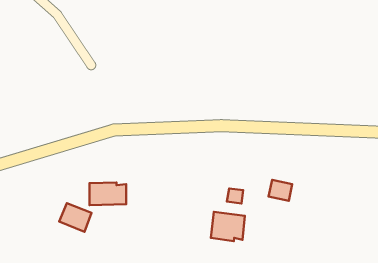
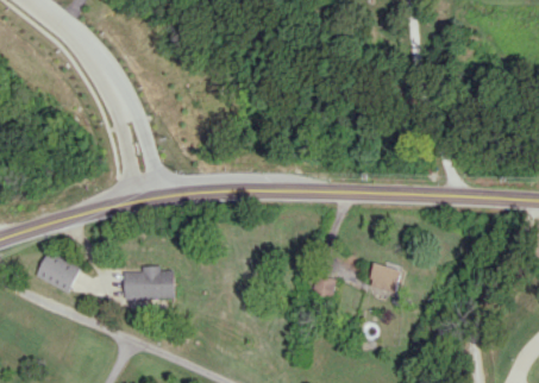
building: [59,203,91,232] -> [36,252,80,291]
building: [211,212,245,241] -> none

